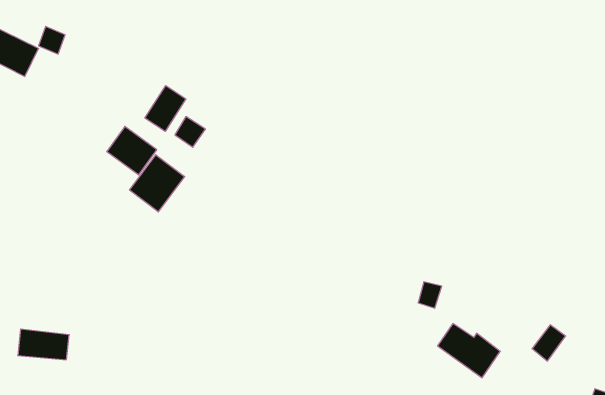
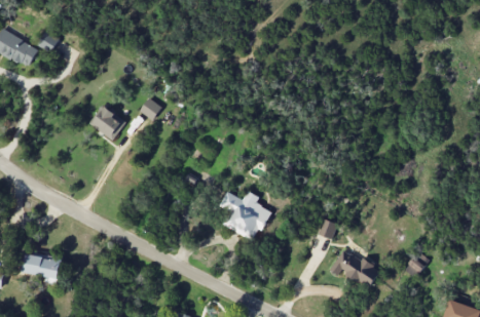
building: [145,86,186,131] -> none
building: [130,155,185,212] -> none
building: none -> [219,191,269,240]

